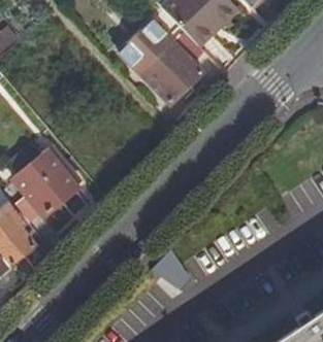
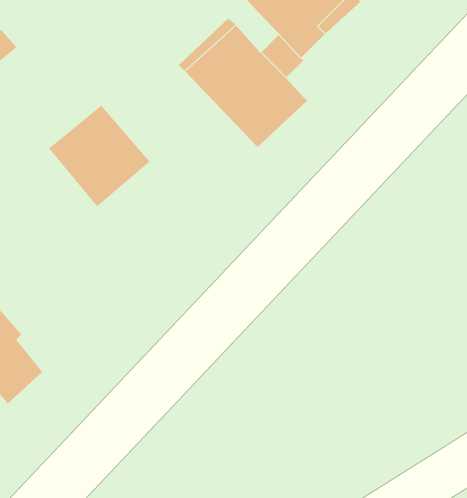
building: [13,151,78,216] -> [48,105,150,207]

